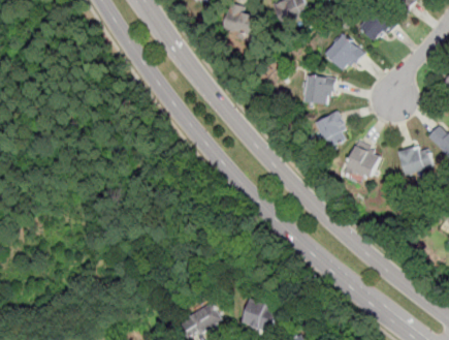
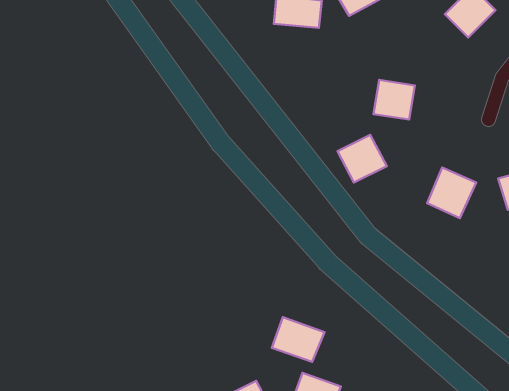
building: [322,32,364,73] -> none
building: [312,112,349,148] -> [337,135,387,183]
building: none -> [272,317,324,362]

